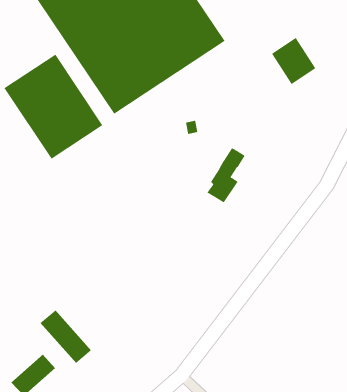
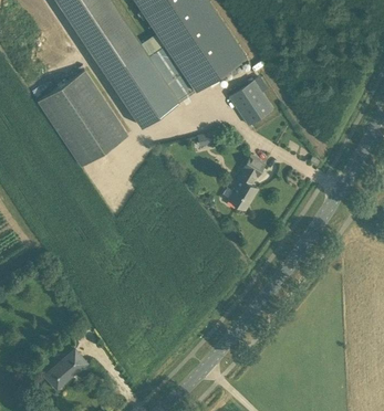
building: [271,37,316,85] -> [228,80,270,124]
building: [40,309,92,364] -> none

